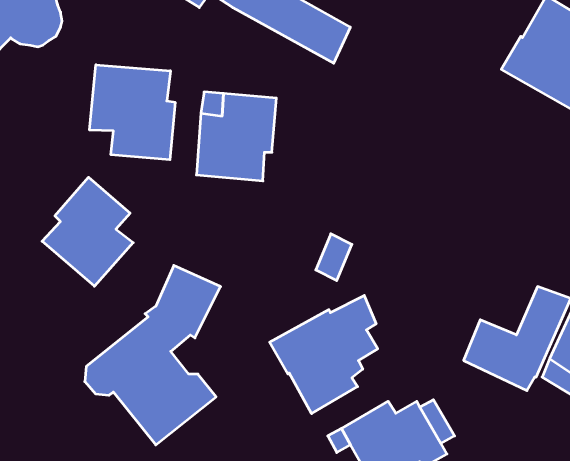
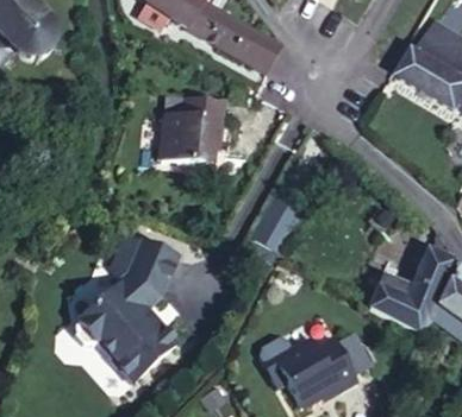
building: [90,65,175,160] -> none
building: [42,177,133,286] -> none
building: [270,295,378,414] -> none

